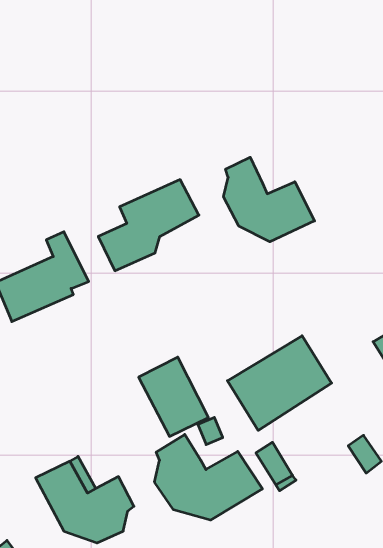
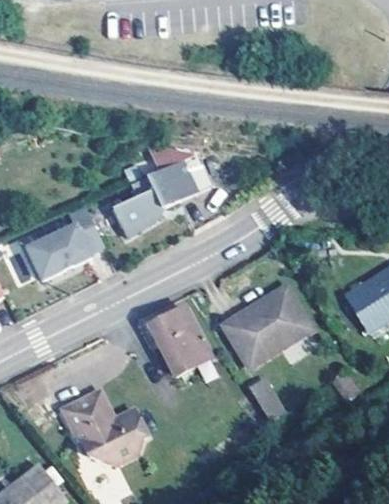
building: [224,157,315,242] -> none
building: [155,434,262,520] -> none

